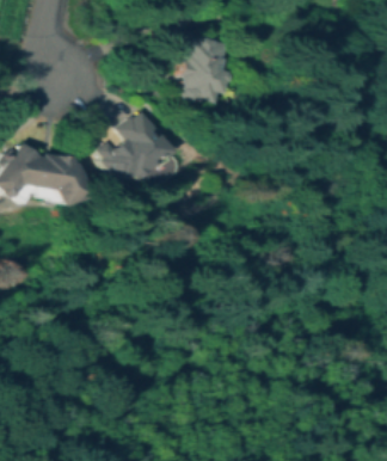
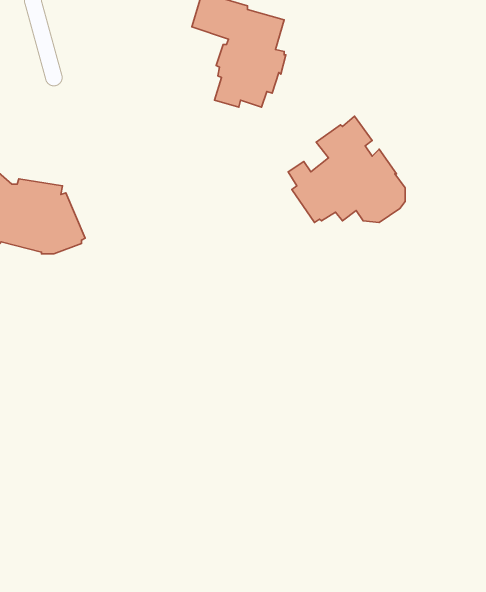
building: [100,111,180,184] -> [288,116,405,223]

